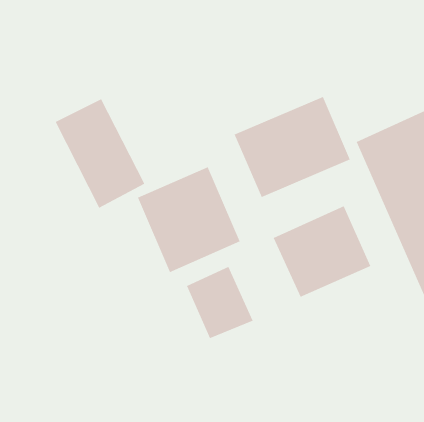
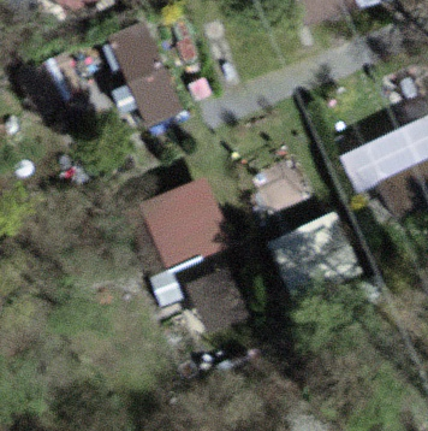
building: [234,96,350,198] -> none
building: [55,98,145,208] -> [106,25,190,128]

